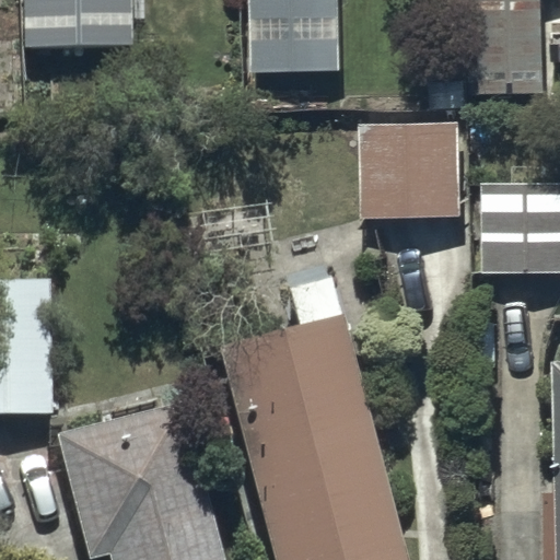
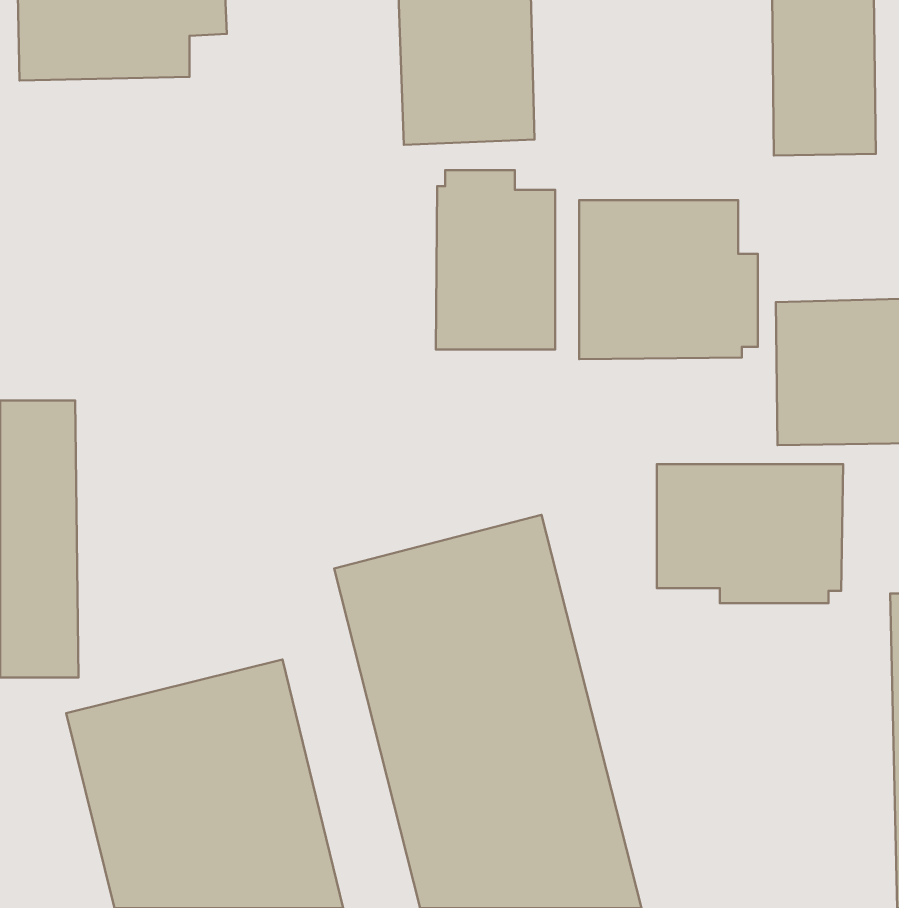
building: none -> [436,170,555,350]
building: none -> [657,464,843,603]

